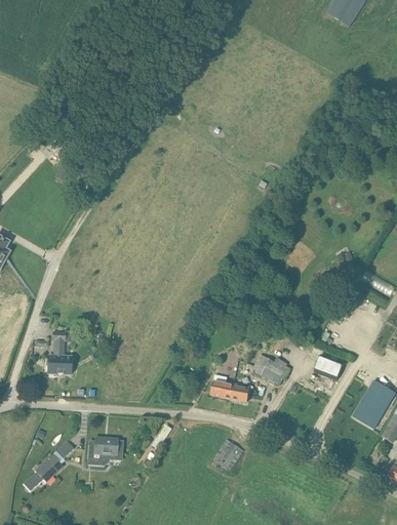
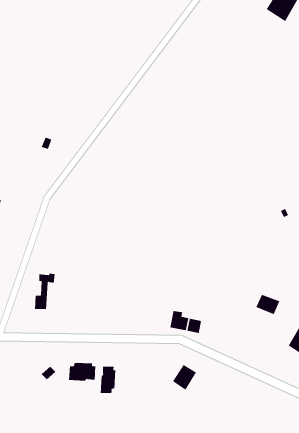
building: [252,354,287,383] -> none
building: none -> [100,366,116,394]
building: [24,454,63,491] -> none

